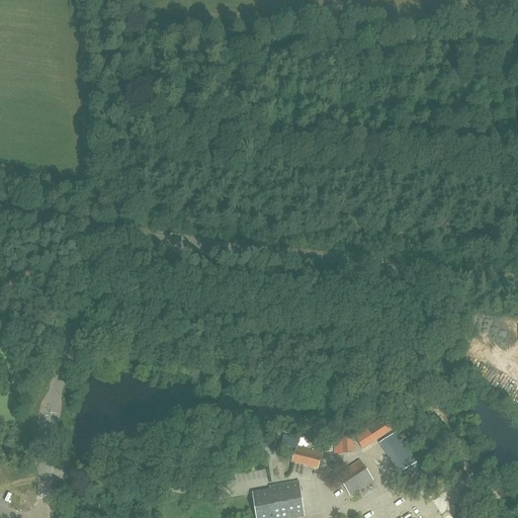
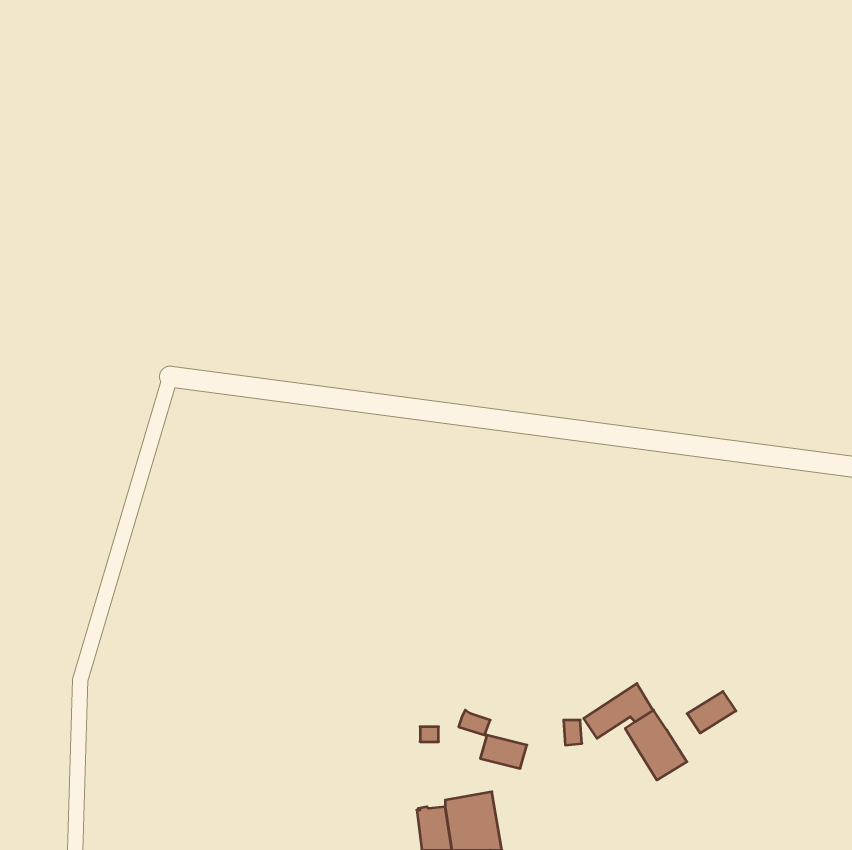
building: none -> [687,691,736,733]
building: [337,460,371,494] -> none

